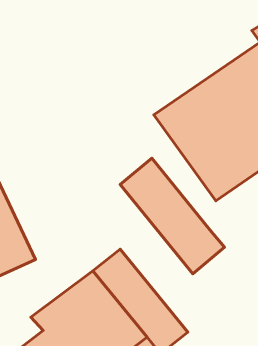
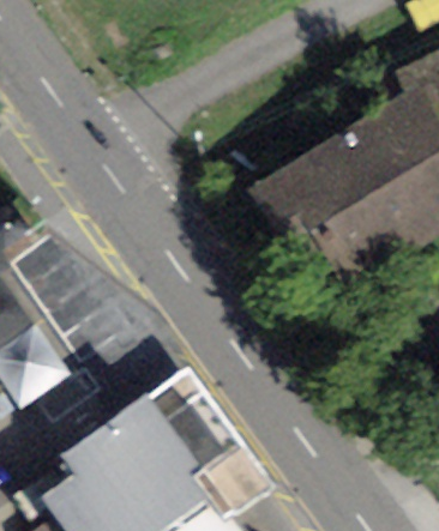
building: [120,158,224,274] -> none

